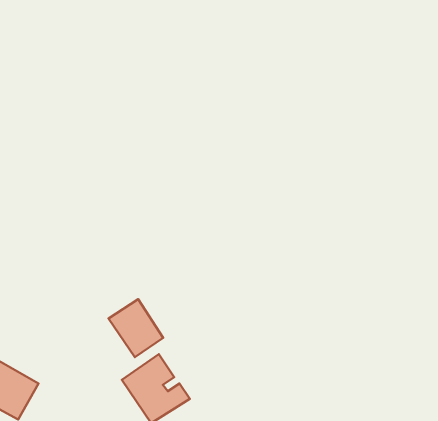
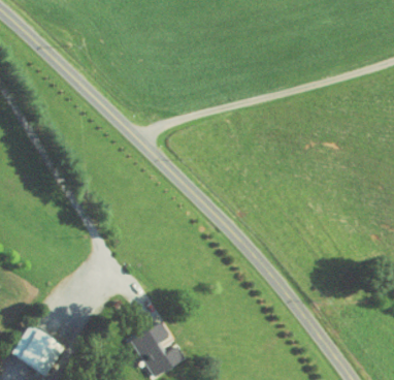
building: [108,299,163,357] -> none

